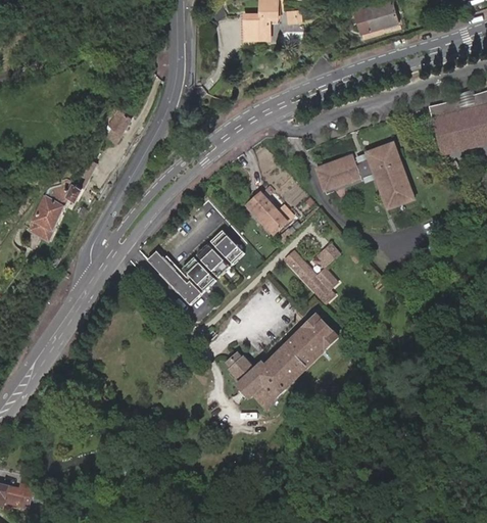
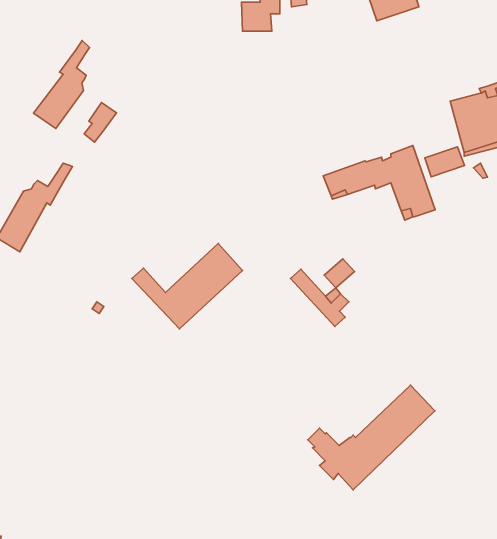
building: none -> [34,41,89,129]
building: none -> [425,147,464,177]
building: [246,193,292,235] -> none
building: [227,315,338,407] -> [308,385,435,490]

